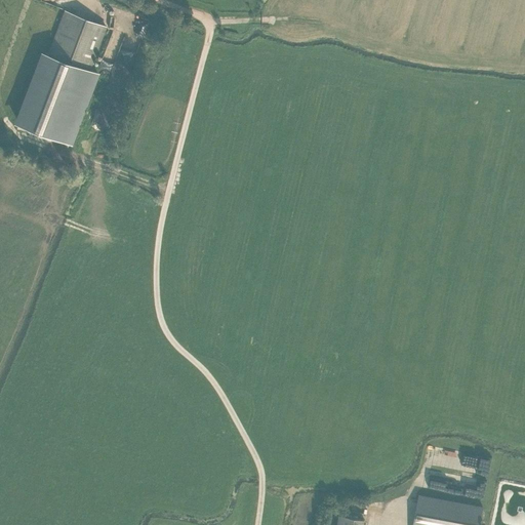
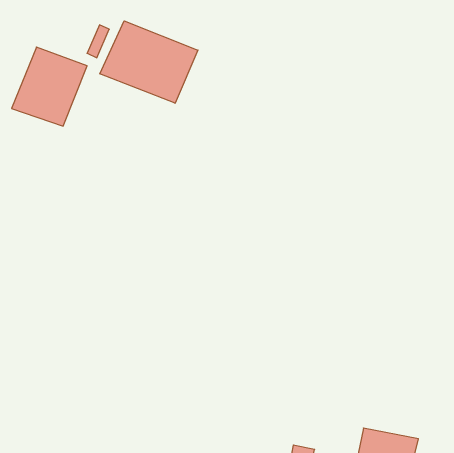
building: [48,12,106,71] -> none
building: none -> [100,21,198,103]

